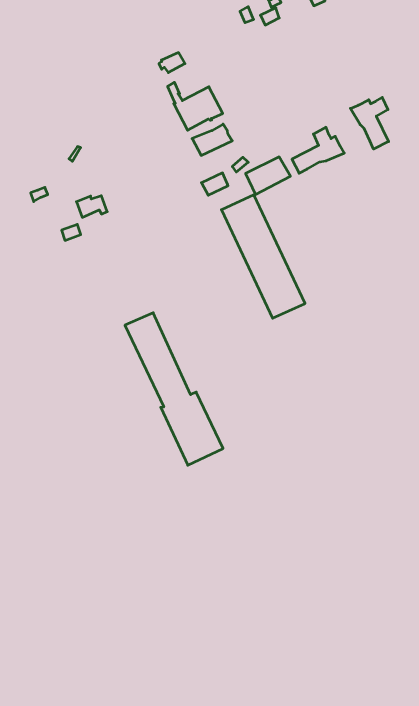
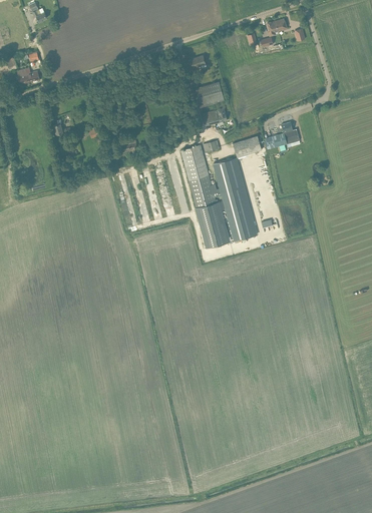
building: [350,97,389,149] -> none
building: [125,313,223,465] -> [180,144,231,248]

